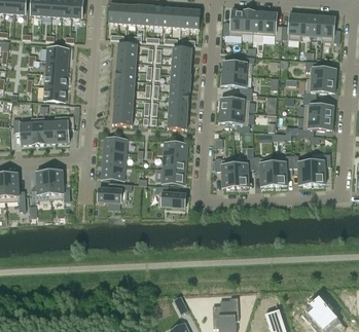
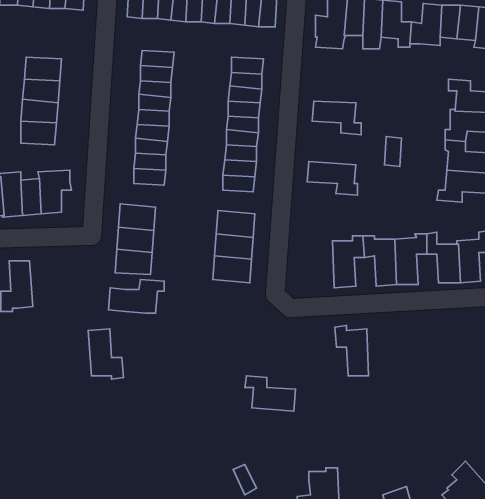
building: [223,56,254,75] -> none
building: [220,93,252,112] -> none
building: [215,156,236,187] -> [335,325,368,376]
building: [49,170,71,200] -> [88,329,123,379]
building: [155,185,186,207] -> [245,376,295,411]

